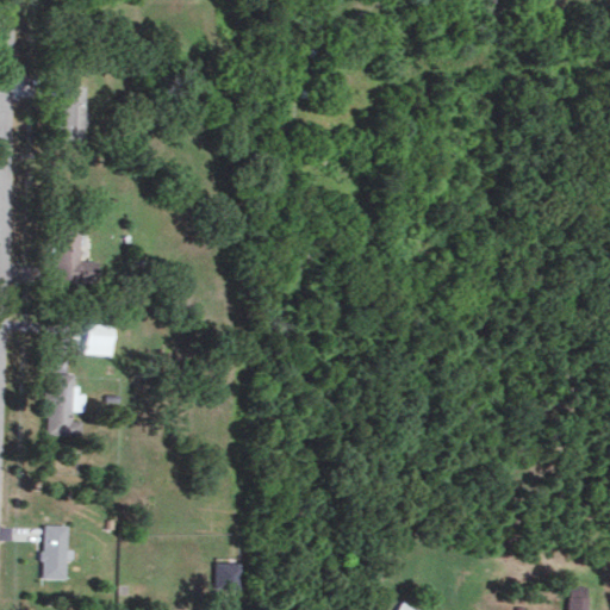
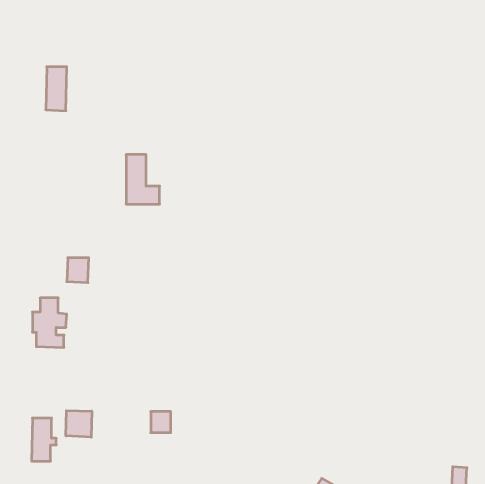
building: [56,224,98,286] -> [126,155,160,204]
building: none -> [66,411,92,437]
building: [217,565,242,591] -> [151,412,171,433]

